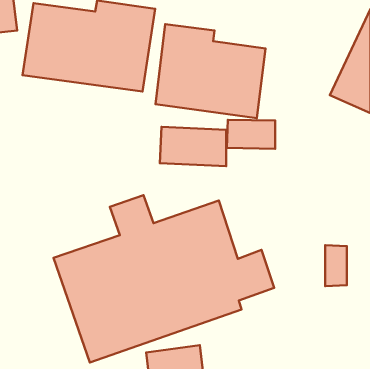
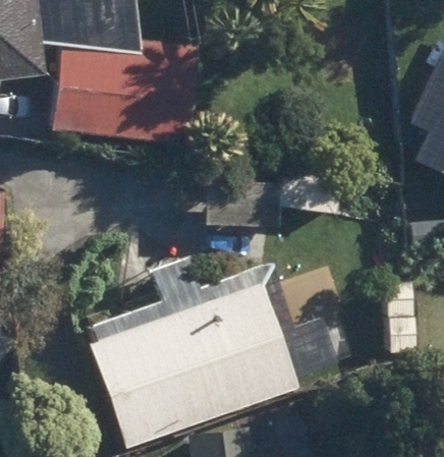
building: [155,24,265,118] -> none

